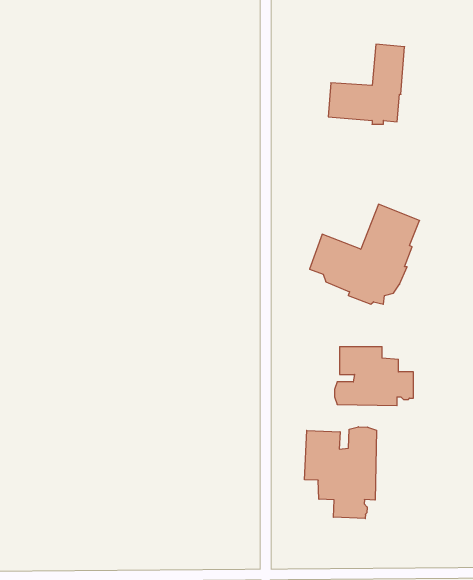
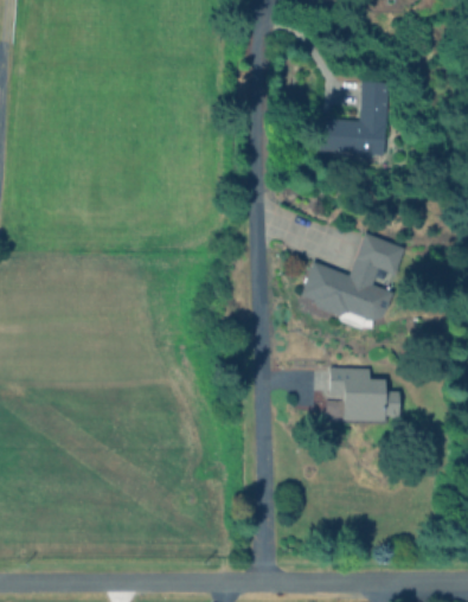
building: [305,427,377,519] -> none

